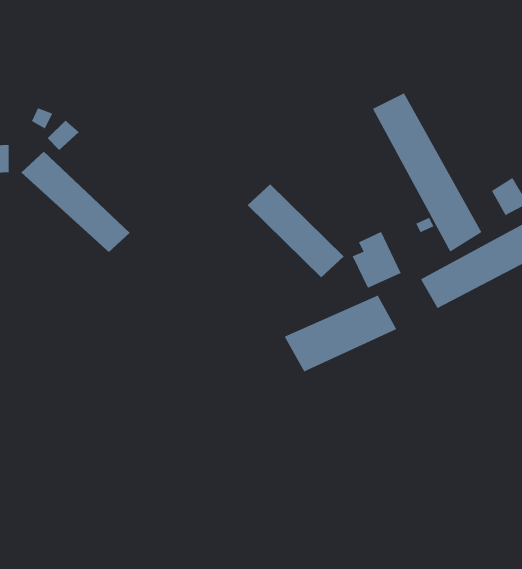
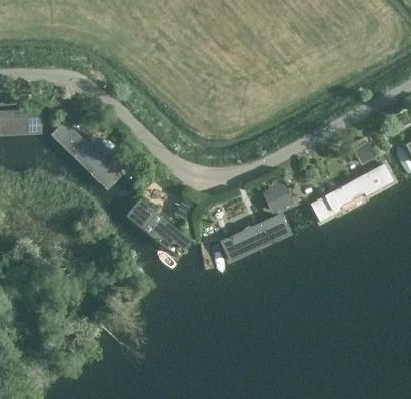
building: [372,92,482,252] -> none
building: [247,184,344,278] -> [130,204,193,265]

